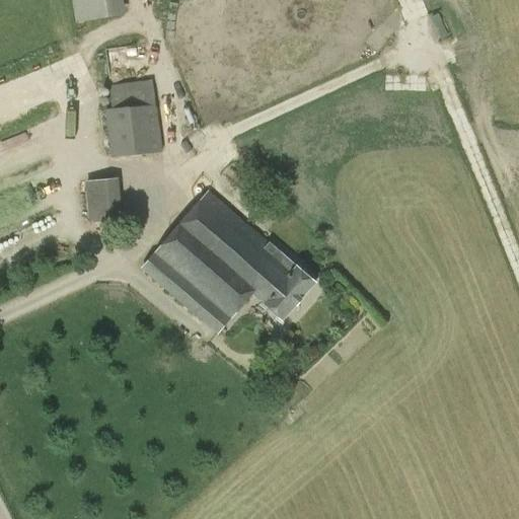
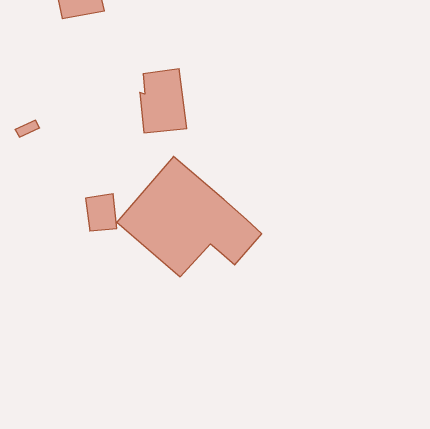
building: [105,79,162,156] -> [140,69,187,133]
building: [85,177,123,222] -> [86,194,117,231]

